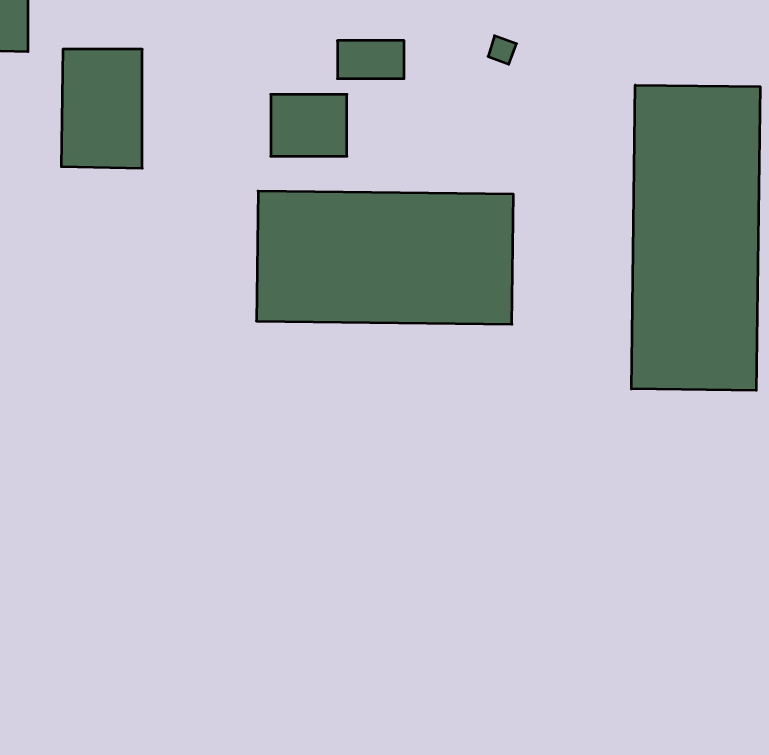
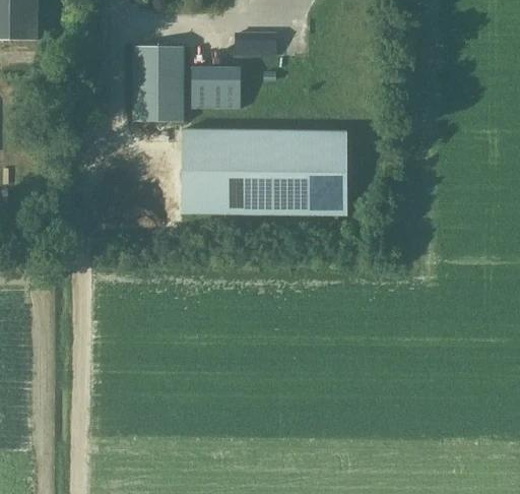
building: [61,49,142,168] -> [131,46,183,122]
building: [631,85,760,390] -> none

